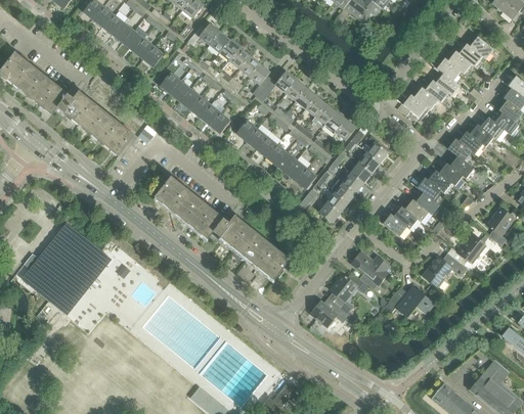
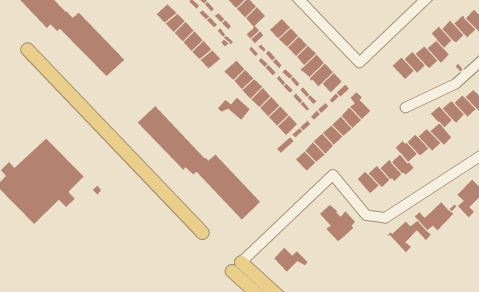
building: none -> [217,97,251,121]
building: [330,273,368,313] -> none
building: [385,284,435,317] -> none

